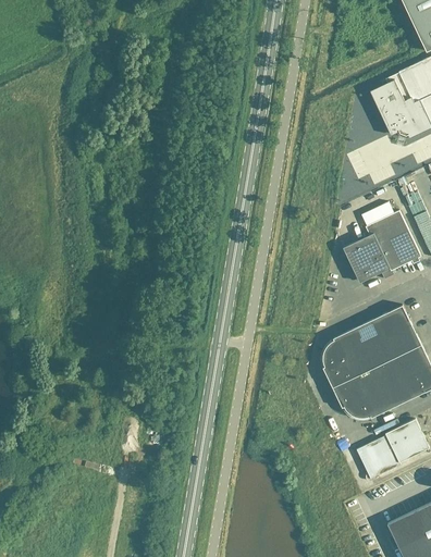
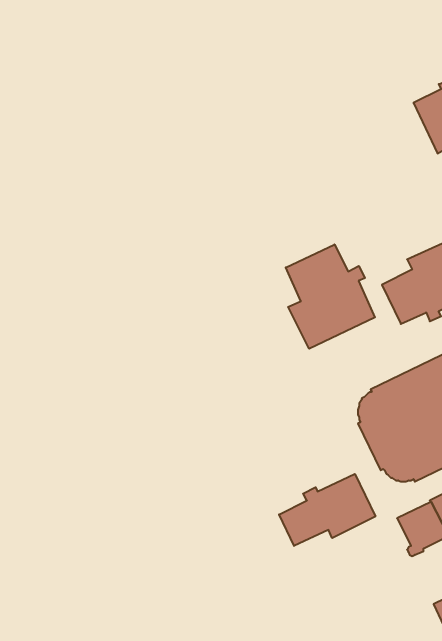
building: none -> [286,244,375,349]
building: none -> [279,474,375,546]

